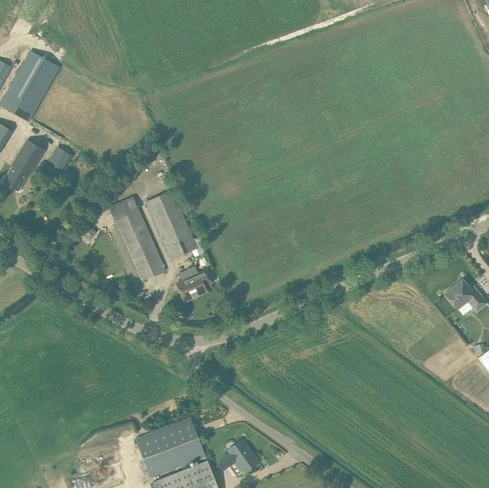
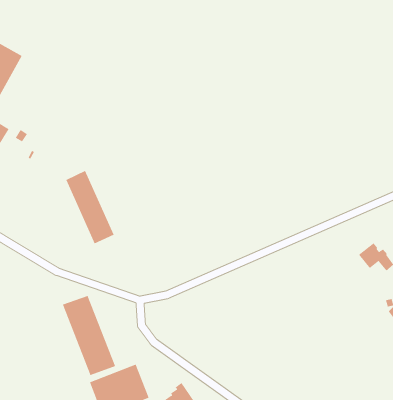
building: [146,190,197,259] -> none
building: [176,267,212,301] -> none
building: none -> [62,295,116,376]

